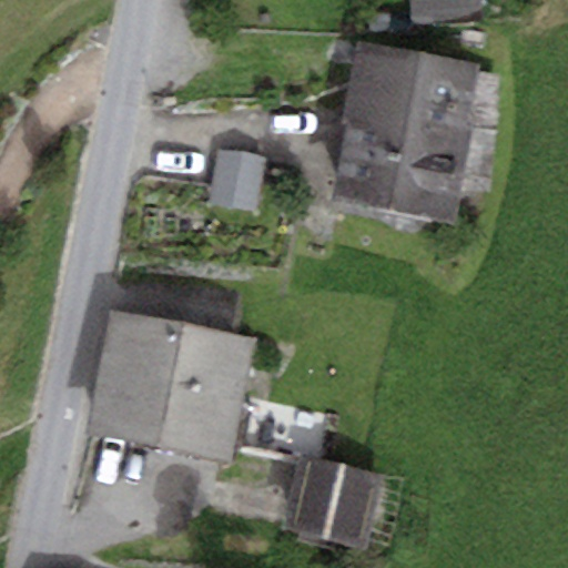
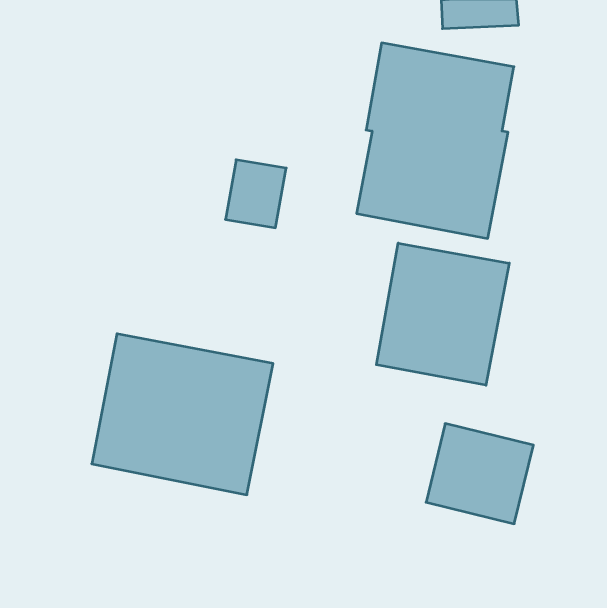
building: none -> [376,243,509,385]
building: [286,455,386,548] -> [426,424,533,524]

